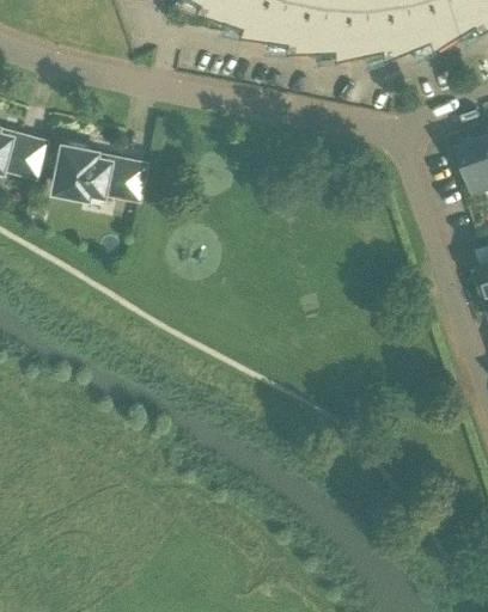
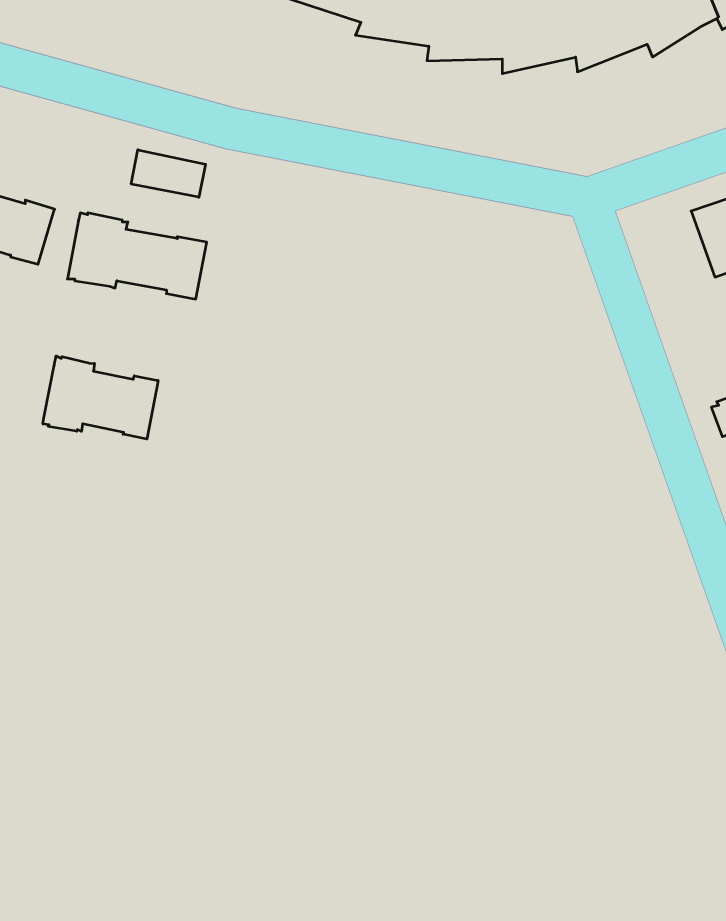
building: none -> [131,150,206,197]
building: none -> [43,356,158,439]

